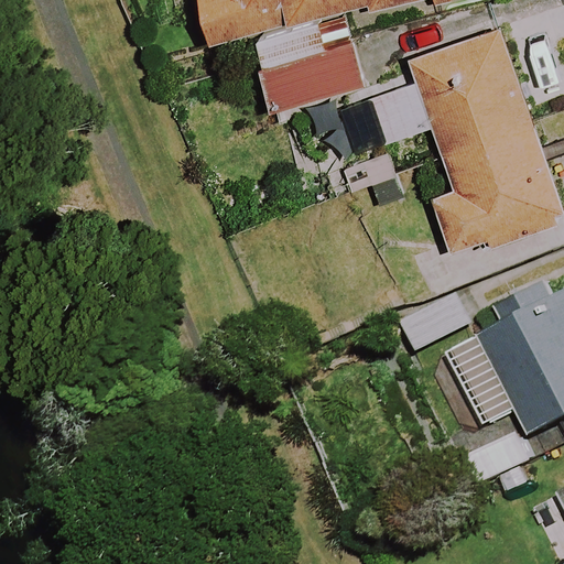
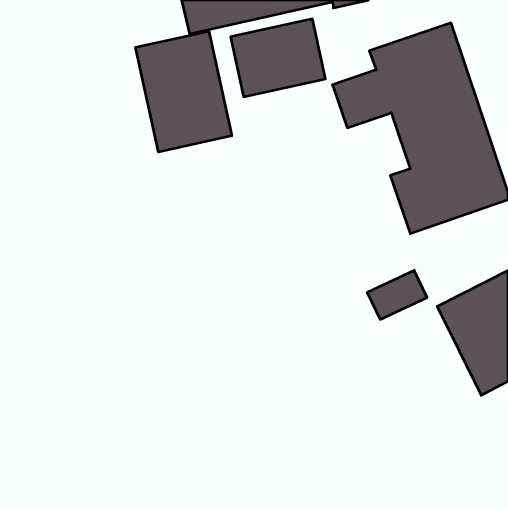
building: none -> [136,31,232,152]

